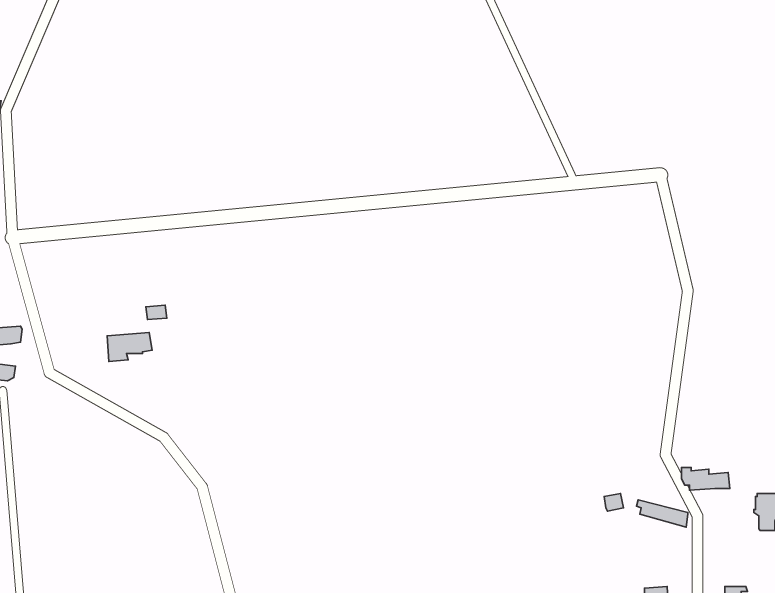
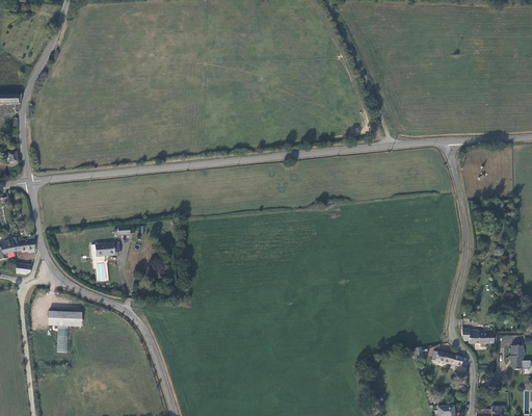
building: none -> [48,309,82,350]

